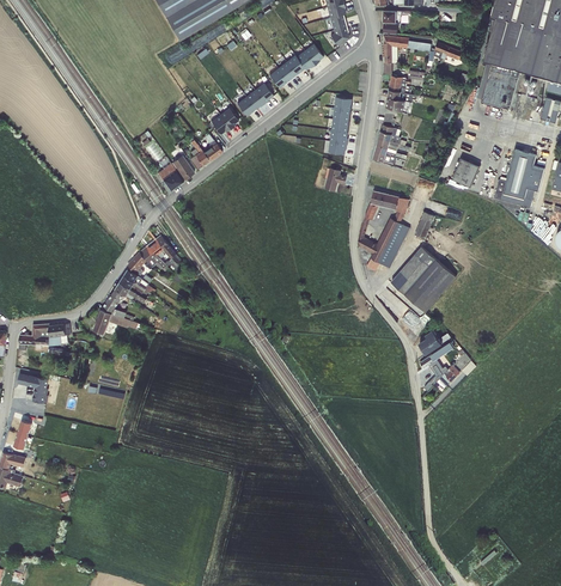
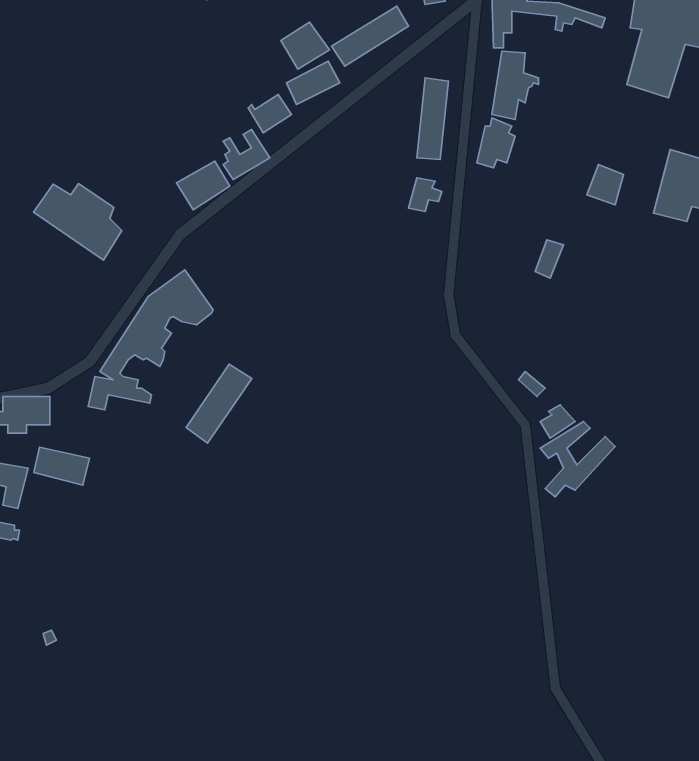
building: none -> [281,22,329,69]
building: none -> [33,184,122,260]
building: [358,189,410,270] -> none
building: [390,245,457,311] -> none
building: none -> [186,364,252,443]
building: none -> [34,447,89,485]

